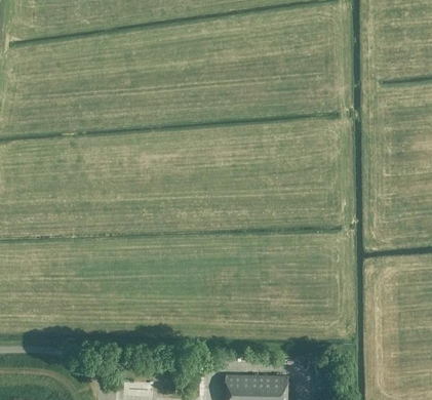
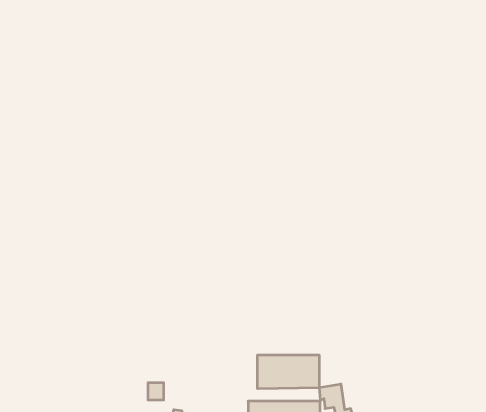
building: none -> [258,355,319,389]

